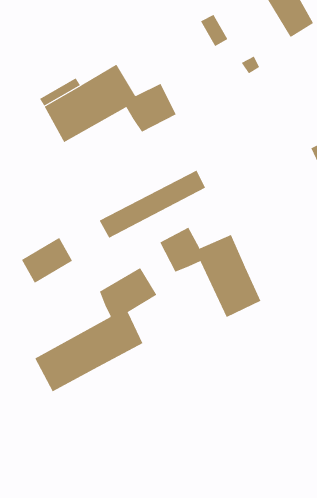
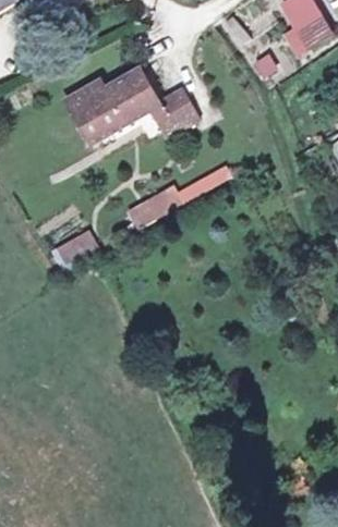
building: [159,227,261,318] -> none
building: [34,267,157,392] -> none

